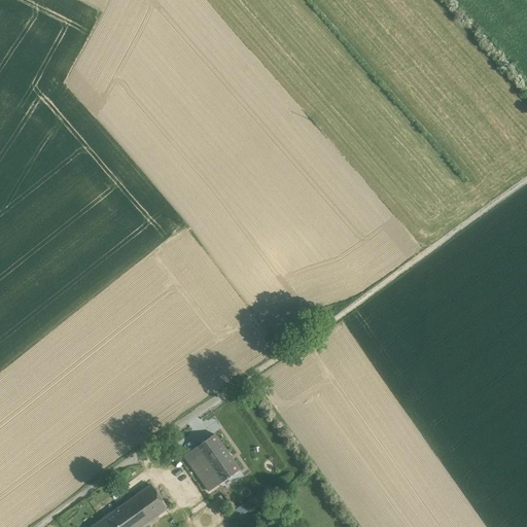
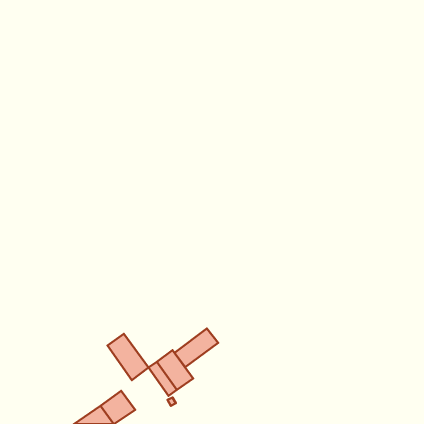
building: none -> [175,328,218,367]
building: none -> [107,334,149,380]

